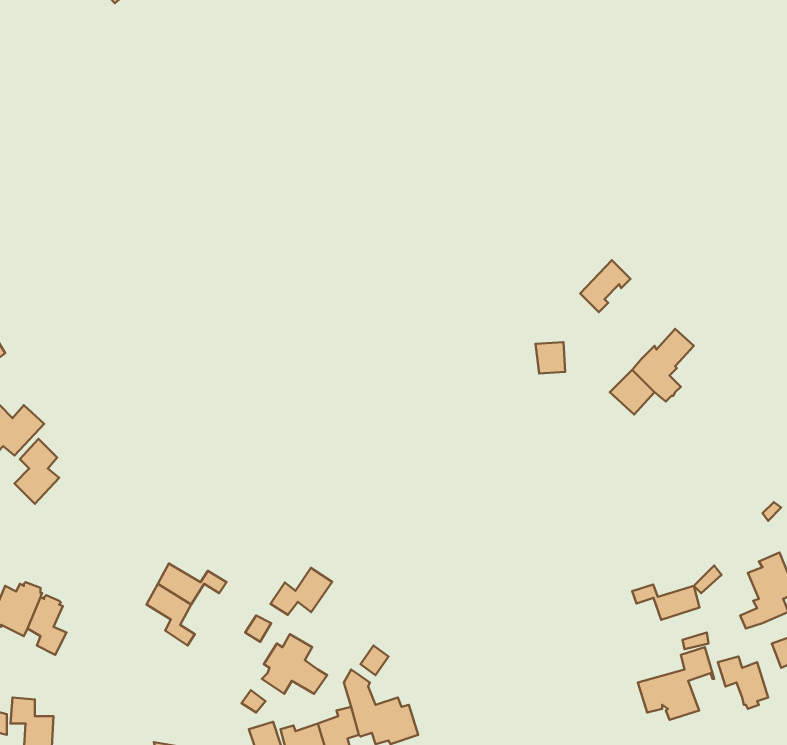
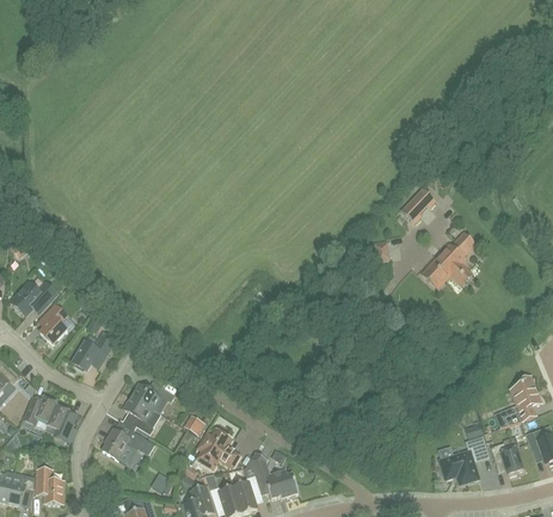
building: none -> [70,332,115,371]
building: [271,568,332,615] -> none
building: [632,585,699,620] -> none
building: none -> [102,429,154,458]

